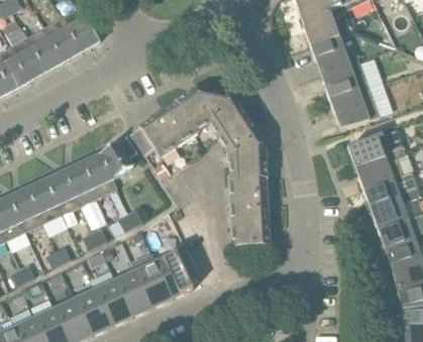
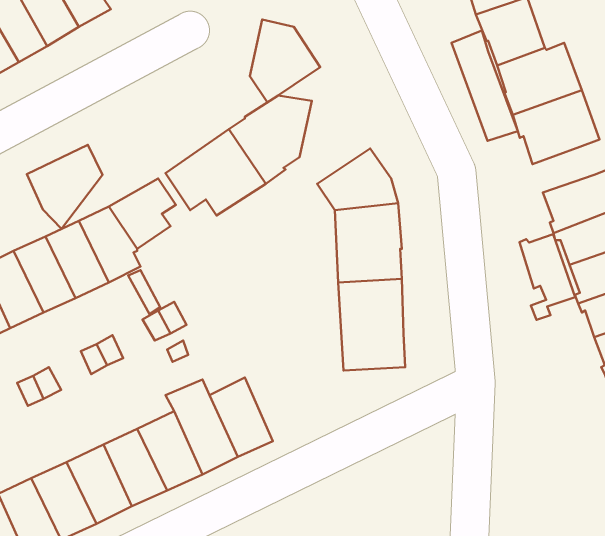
building: none -> [451,30,518,141]
building: [208,92,248,139] -> [250,20,320,102]
building: none -> [27,145,102,229]
building: none -> [520,234,575,320]

